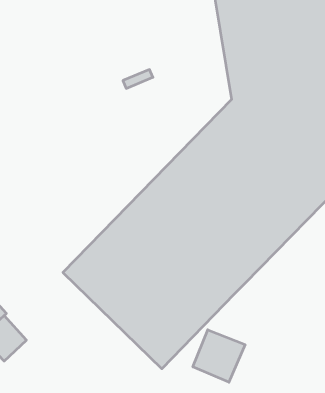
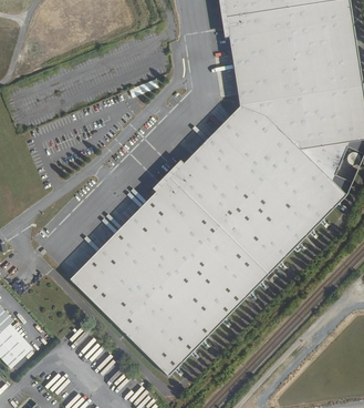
building: [193,330,245,382] -> none

